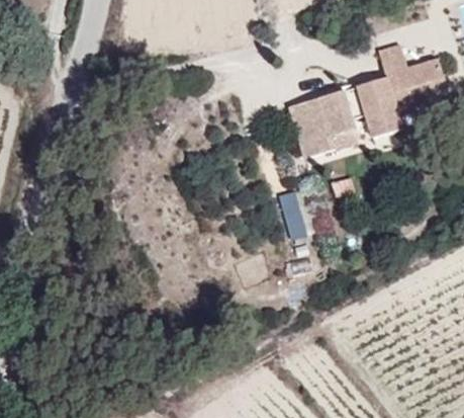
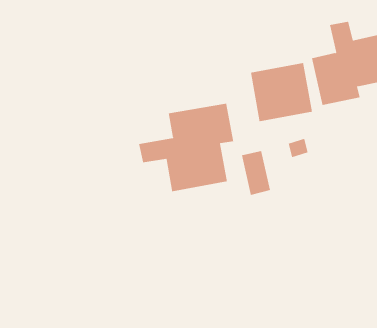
building: none -> [139,103,234,192]

